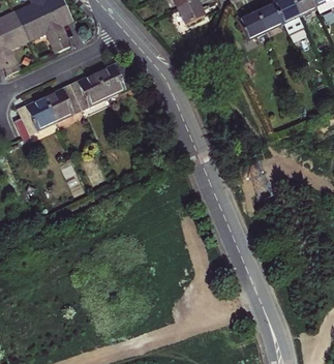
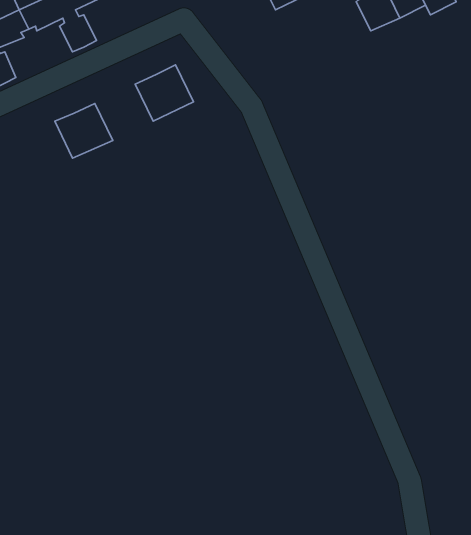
building: [70,72,108,109] -> none
building: [14,96,56,141] -> none

